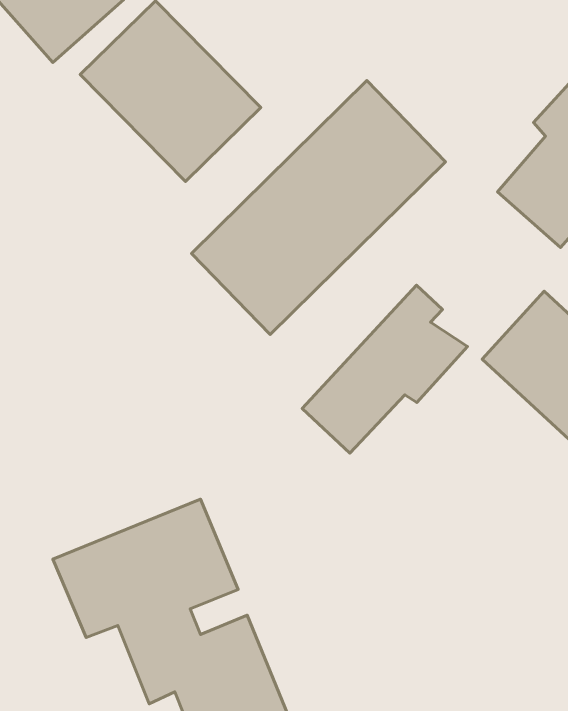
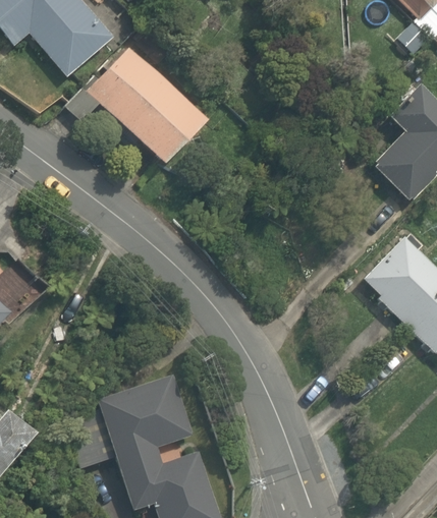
building: [191,81,445,334] -> none
building: [302,285,468,453] -> none

